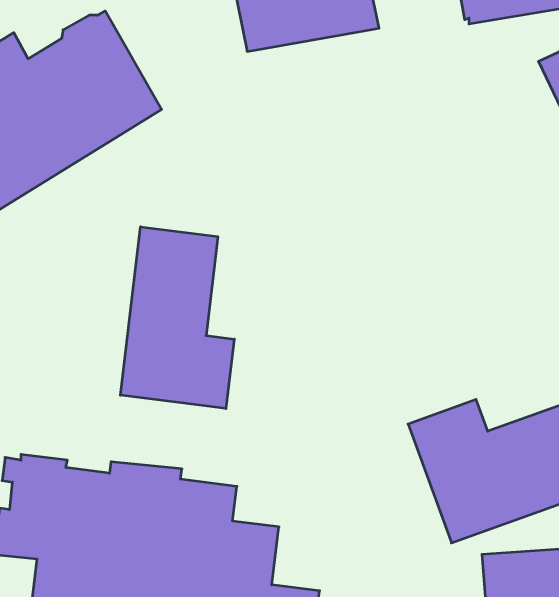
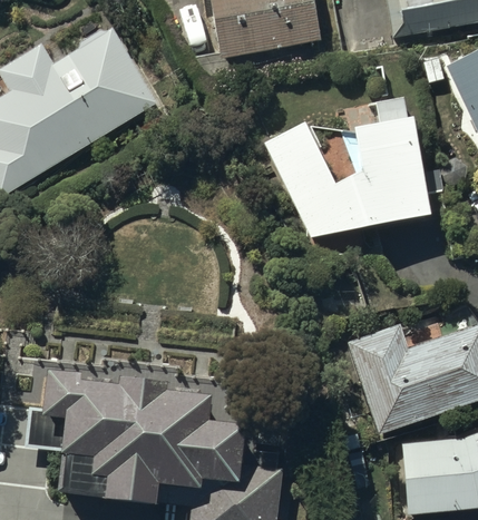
building: none -> [263,96,445,237]
building: [120,227,234,409] -> none

